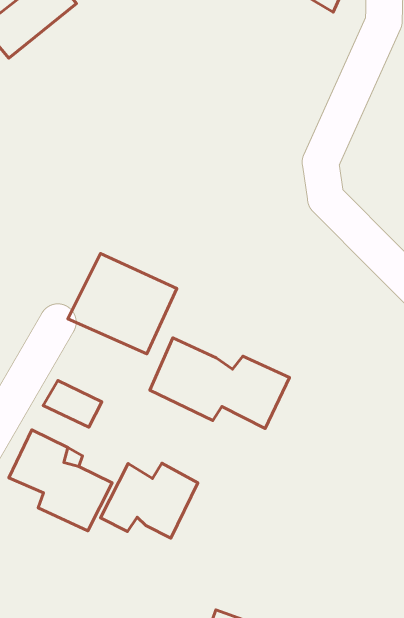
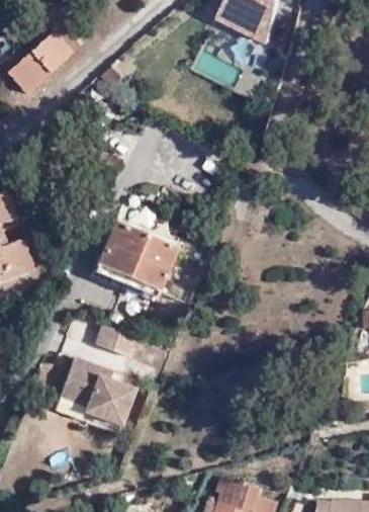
building: [150,338,290,429] -> none
building: [100,463,198,538] -> none

